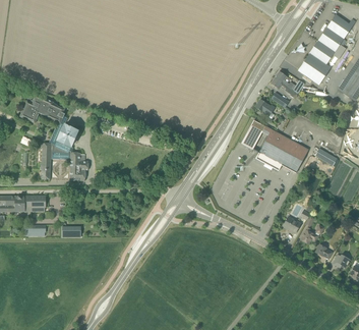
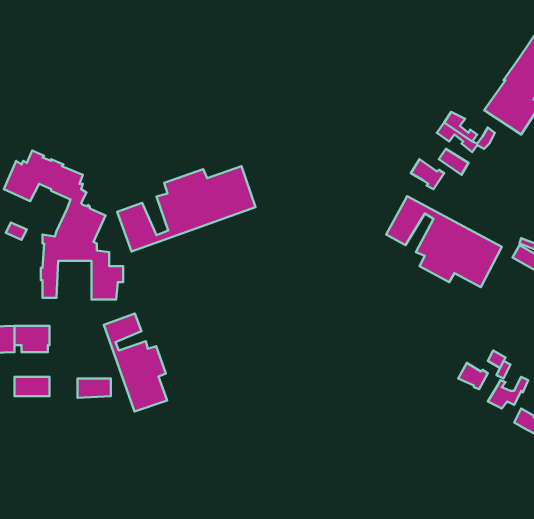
building: none -> [117,166,255,251]
building: none -> [104,314,167,412]

